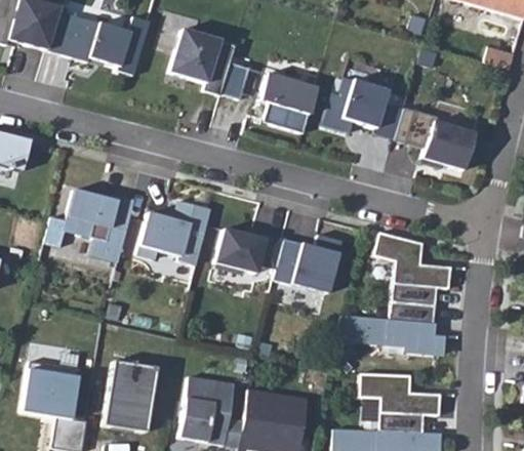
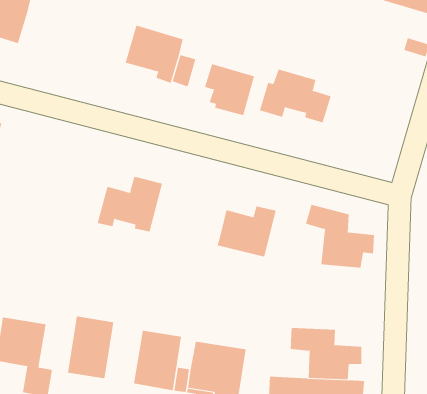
building: [48,12,129,67] -> none
building: [395,109,472,170] -> none
building: [45,183,136,257] -> none
building: [215,229,284,273] -> none
building: [336,301,446,355] -> none

